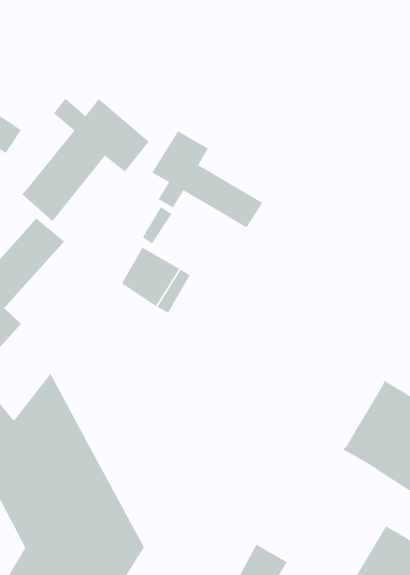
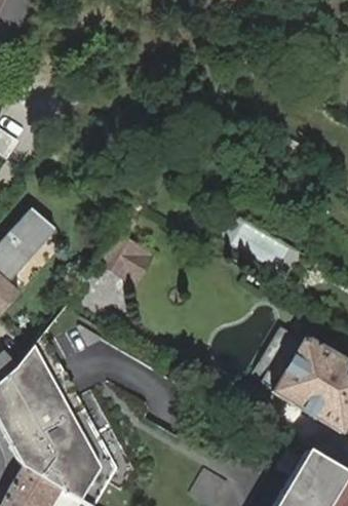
building: [22,98,149,222] -> none
building: [152,131,263,228] -> none

